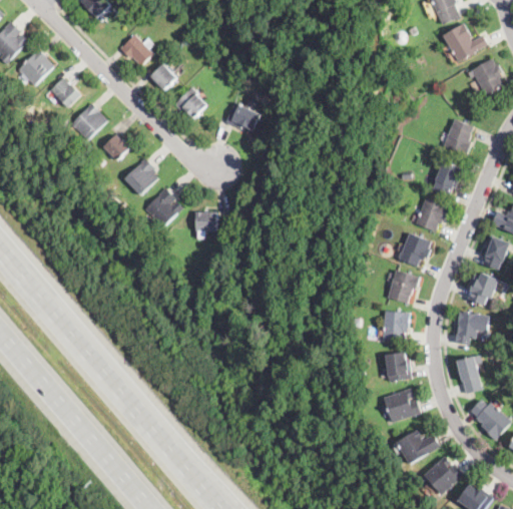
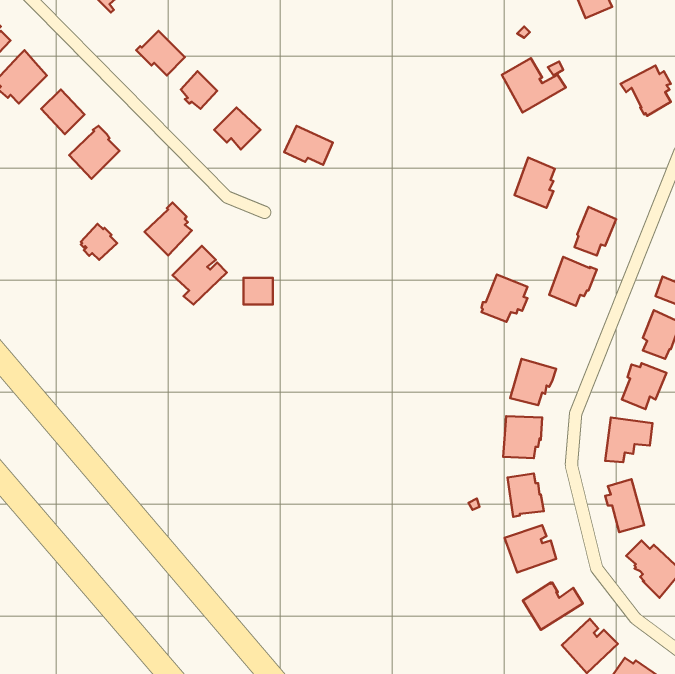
building: [442,23,488,62] -> [502,58,566,113]
building: [443,118,472,154] -> [514,158,555,208]
building: [103,134,129,160] -> [81,224,117,260]
building: [398,232,431,267] -> [482,274,528,322]

